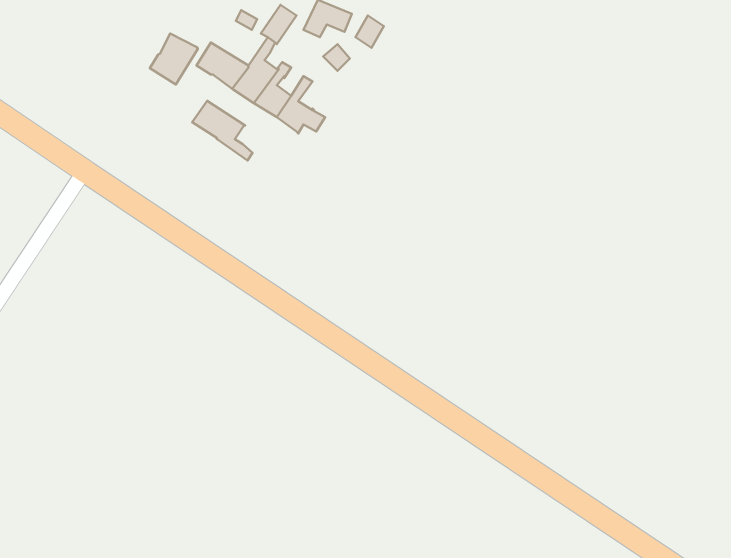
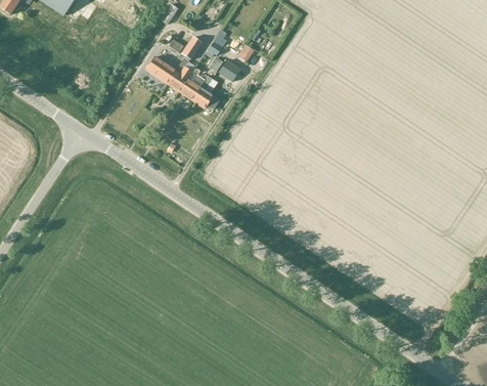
building: [150,33,198,84] -> none
building: [192,101,252,160] -> none

